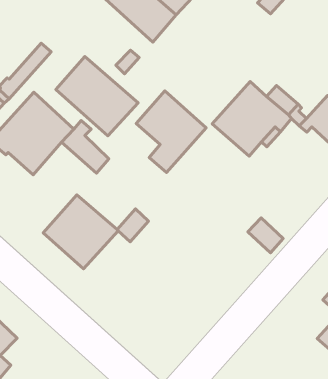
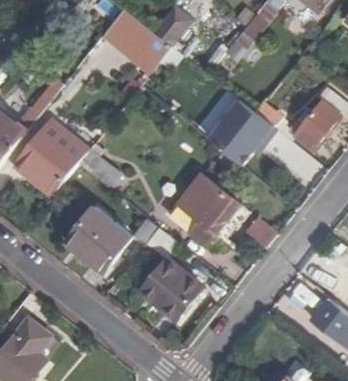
building: [56,57,138,136] -> none
building: [136,91,206,172] -> [176,174,237,245]
building: none -> [141,260,201,319]

